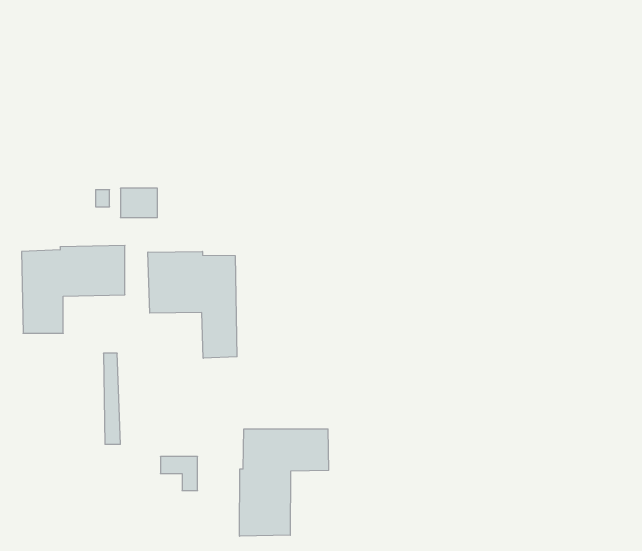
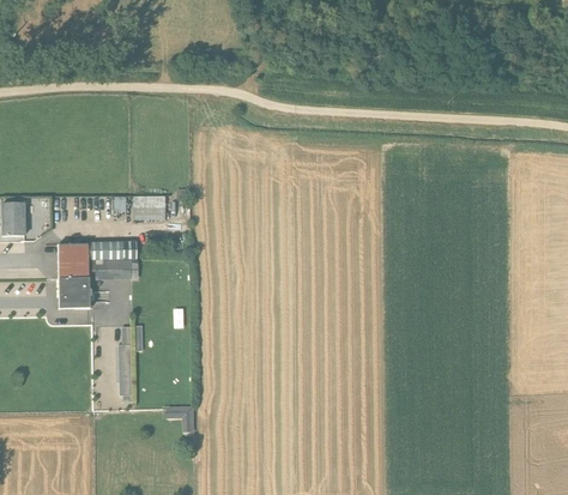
building: [148,251,237,358] -> none
building: [240,429,329,536] -> none

